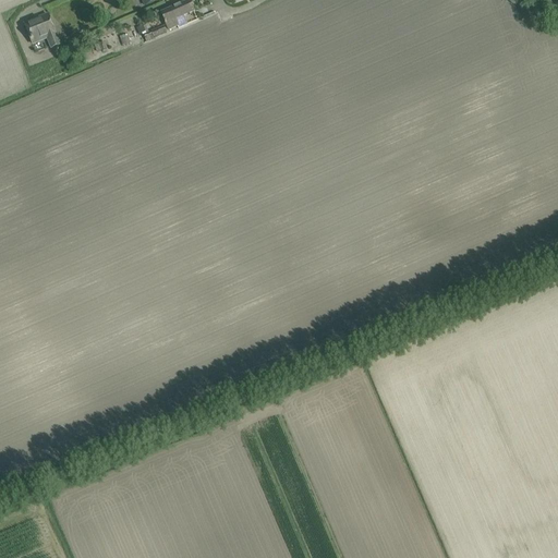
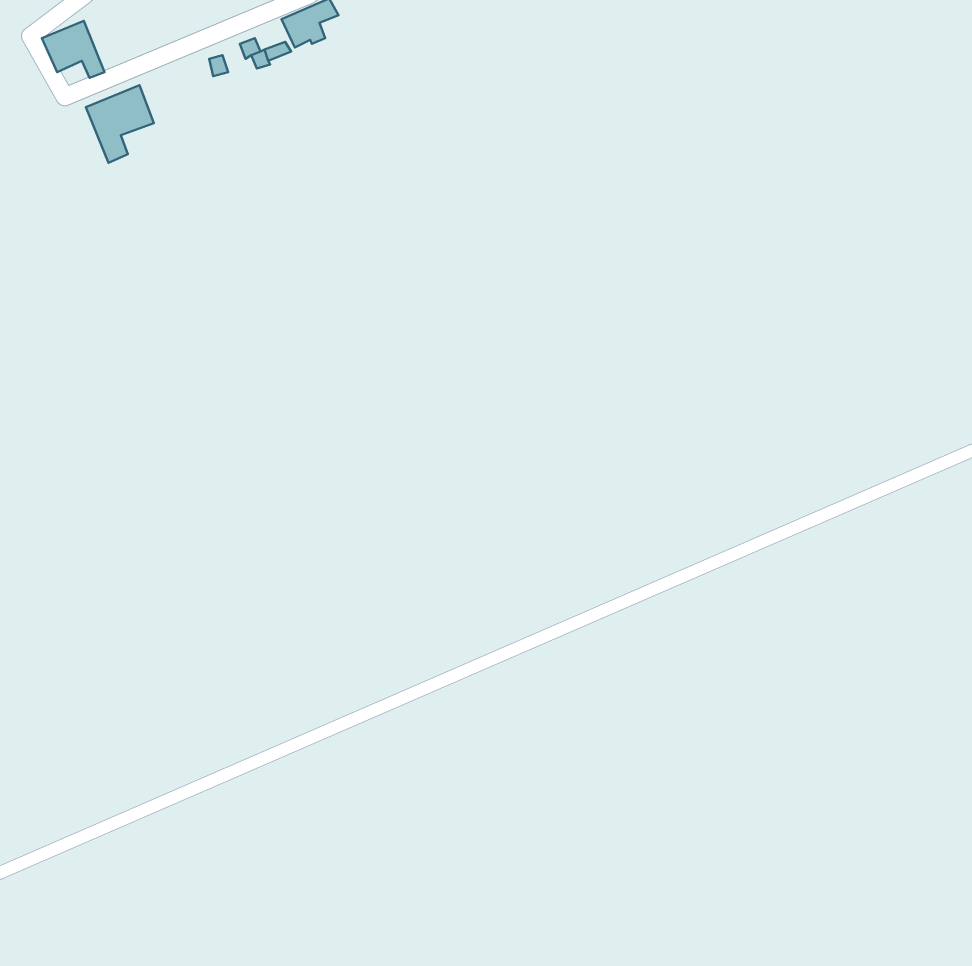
building: none -> [86,85,154,163]

